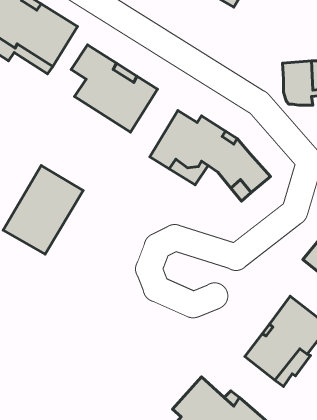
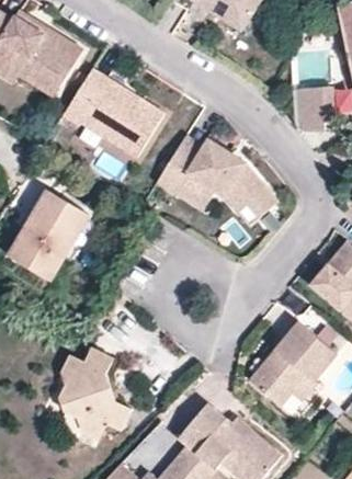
building: none -> [59,349,130,437]

